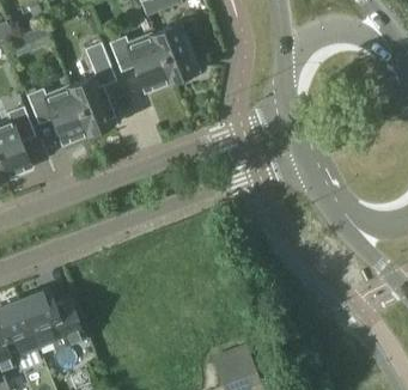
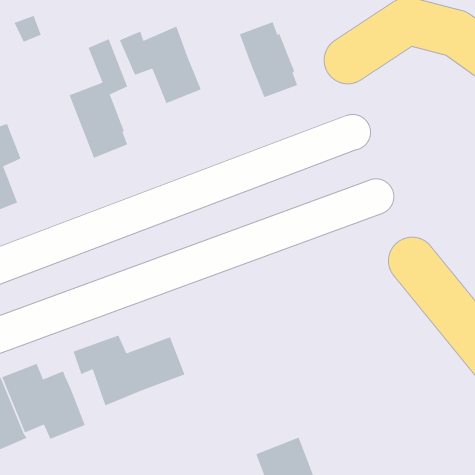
building: [152,23,197,81] -> [239,21,298,98]
building: [25,85,89,145] -> none
building: none -> [72,335,186,406]

